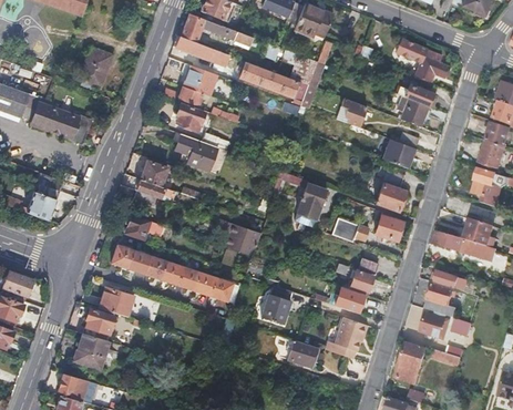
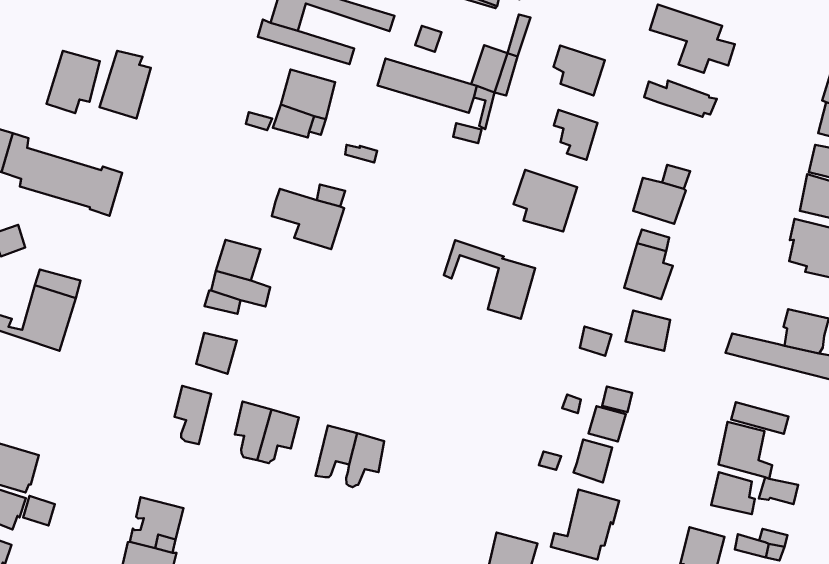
building: none -> [47,51,100,113]
building: [397,95,427,125] -> [554,46,605,95]
building: [175,102,203,129] -> none
building: none -> [513,170,577,231]
building: [215,218,260,255] -> none
building: [124,249,151,280] -> none
building: [177,266,199,300] -> none
building: [260,285,290,325] -> none
building: [99,286,133,316] -> none

